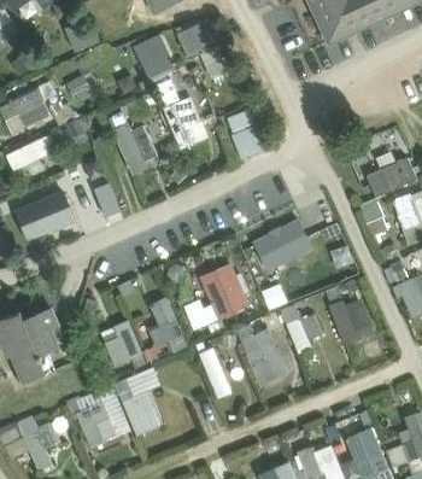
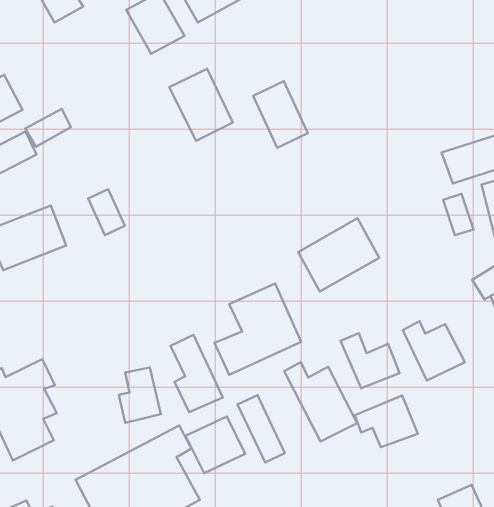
building: [115,123,159,171] -> none
building: none -> [355,396,418,447]
building: none -> [185,416,245,473]

